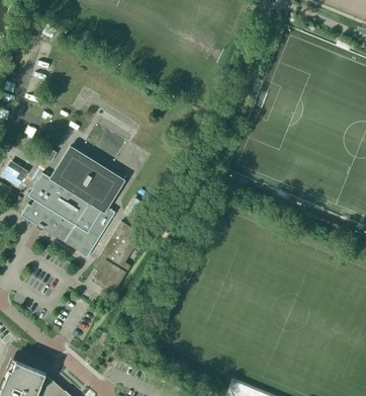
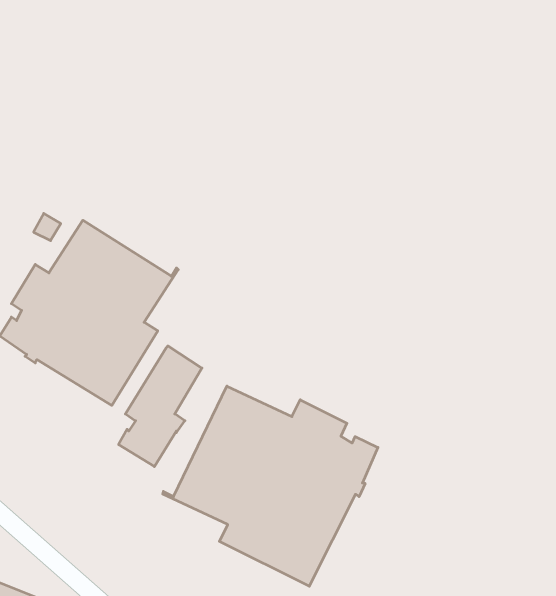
building: none -> [163,386,378,586]

